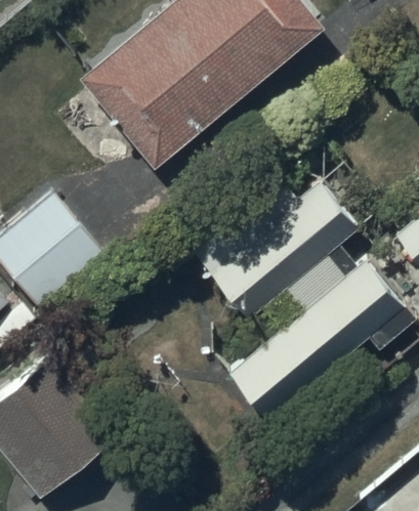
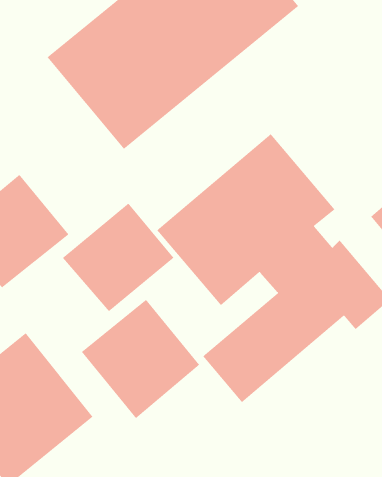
building: none -> [62,202,174,312]
building: none -> [81,299,200,419]

